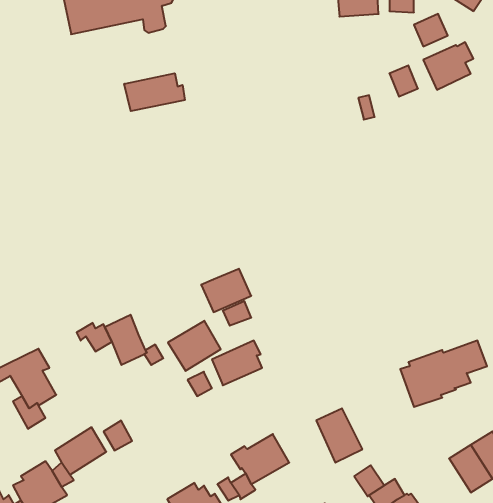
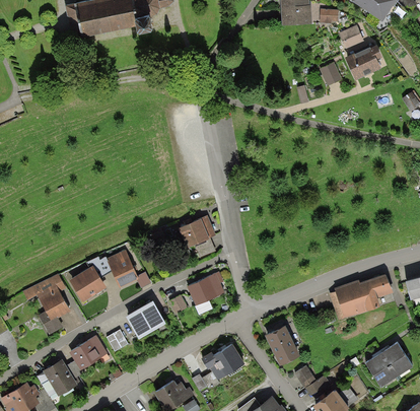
building: [124,73,185,111] -> none
building: [168,321,221,371] -> [126,302,165,340]
building: none -> [69,268,107,304]

